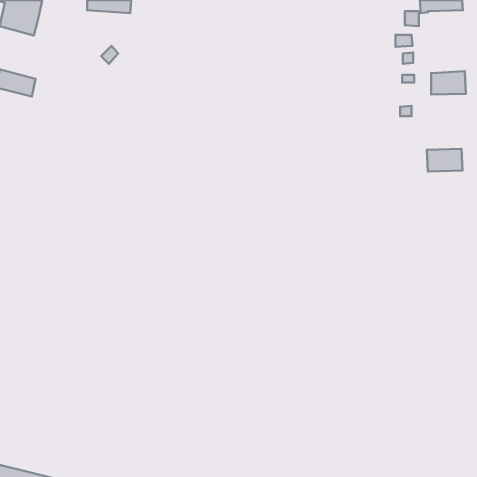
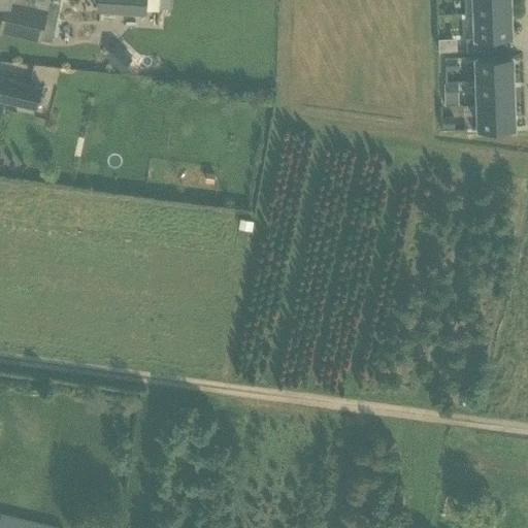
building: none -> [471,13,510,39]
building: none -> [473,57,512,82]
building: [427,149,463,171] -> [474,105,514,130]

